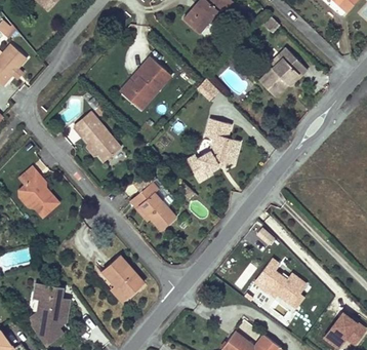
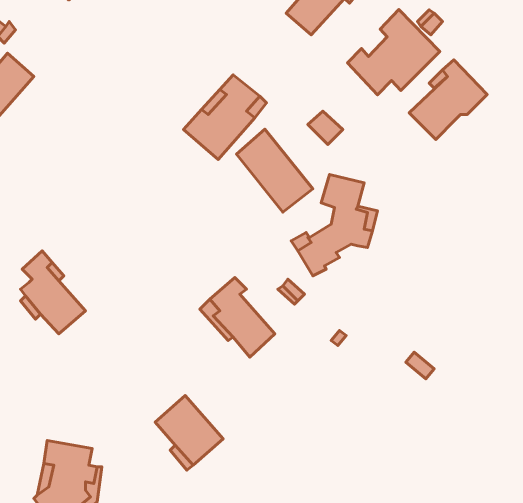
building: none -> [347,9,440,95]
building: [75,111,122,162] -> [236,129,313,212]
building: [260,259,307,305] -> none

